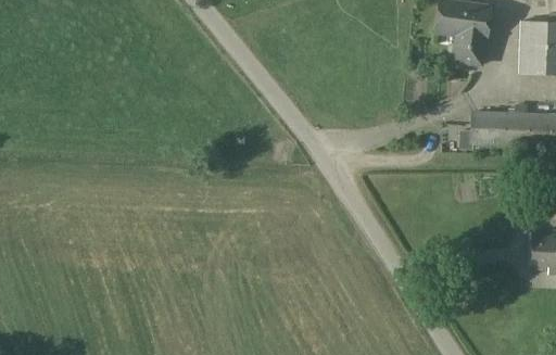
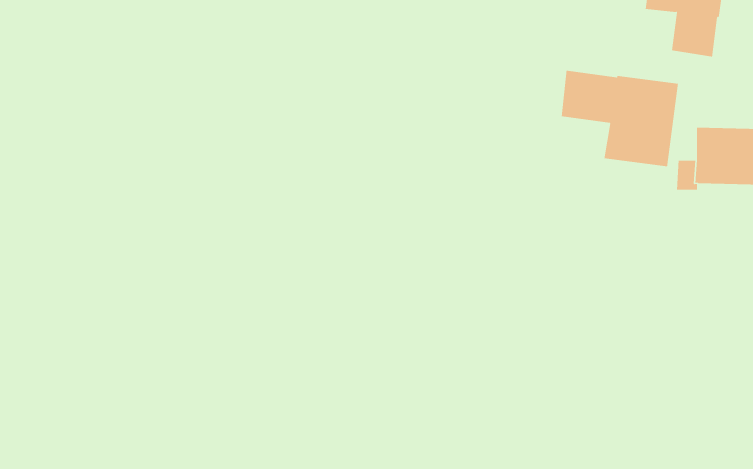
building: none -> [561,70,679,167]

